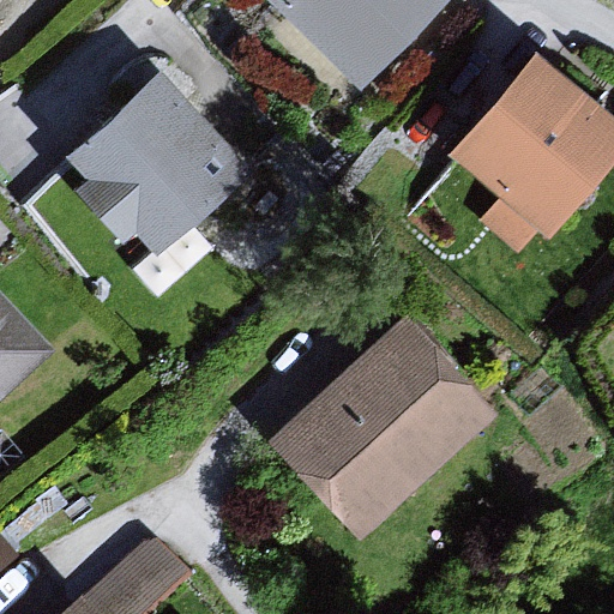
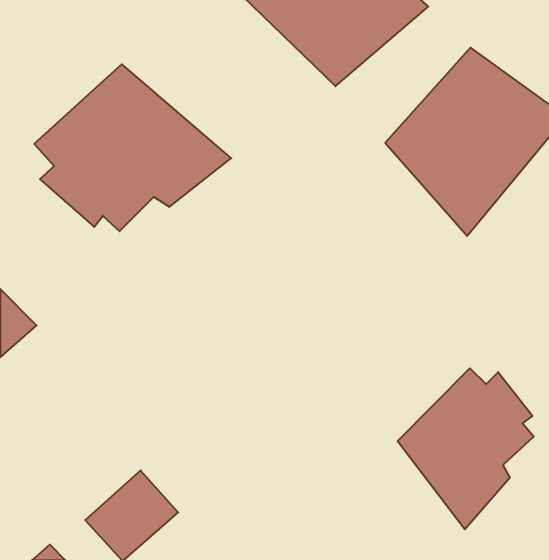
building: [265,320,500,544] -> none
building: none -> [398,368,534,529]

